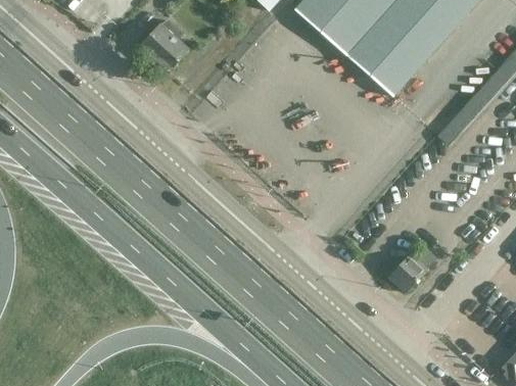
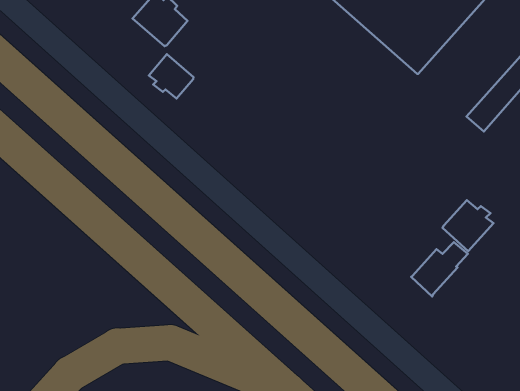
building: none -> [149,54,194,98]
building: none -> [443,200,493,251]

